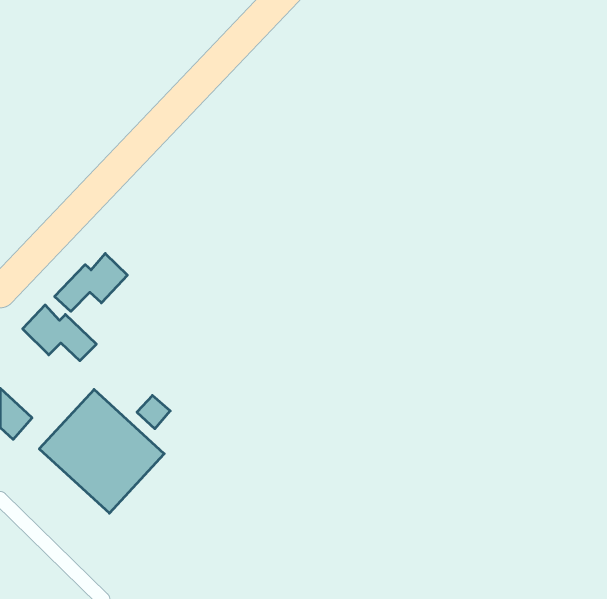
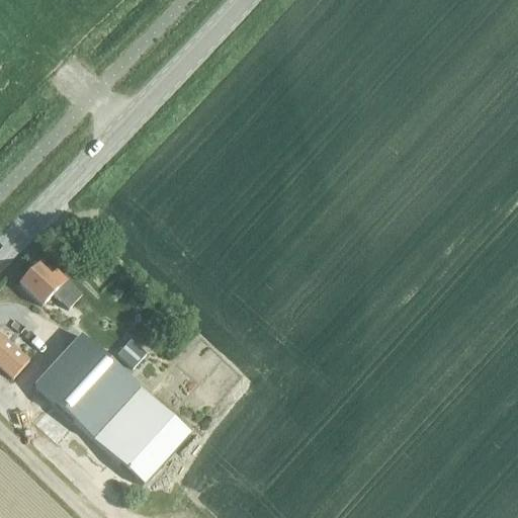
building: [55,253,127,311] -> none
building: none -> [94,385,190,481]

